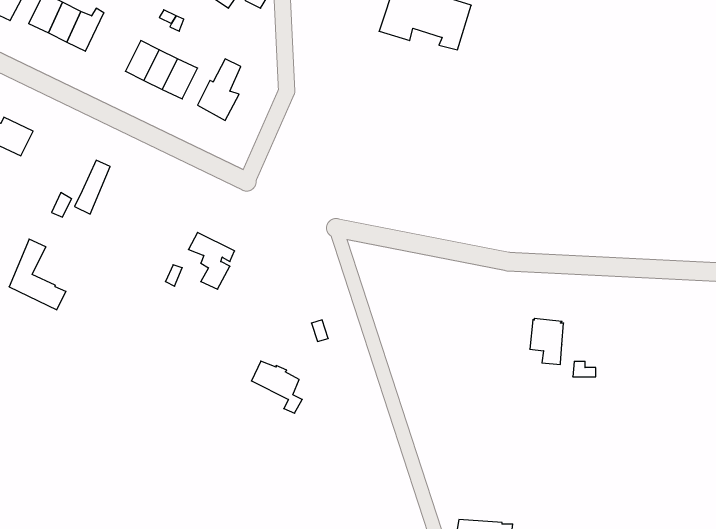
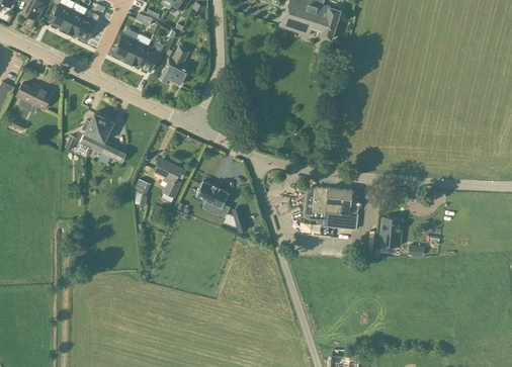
building: [9,239,66,310] -> [90,117,127,164]
building: none -> [304,188,360,227]
building: [251,361,302,413] -> [196,183,230,217]

